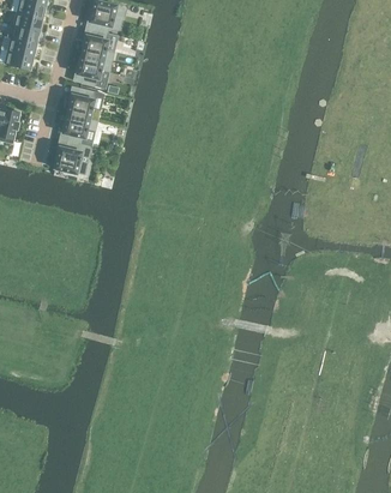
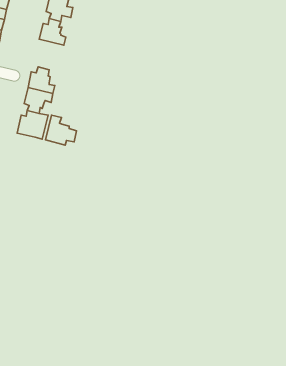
building: [76,53,110,84] -> none
building: none -> [46,115,77,145]

